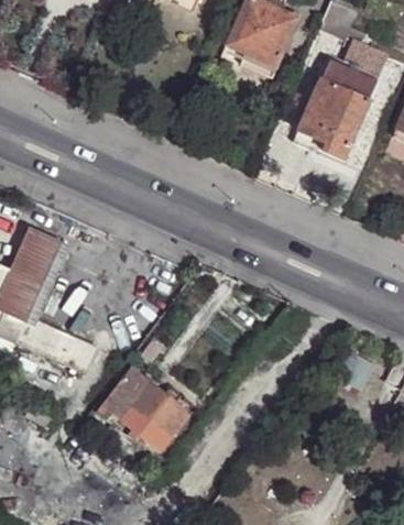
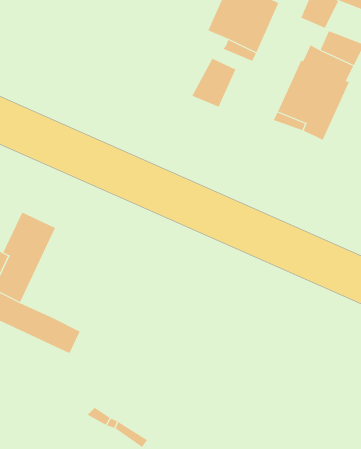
building: none -> [191,58,236,108]
building: [97,372,188,451] -> none

